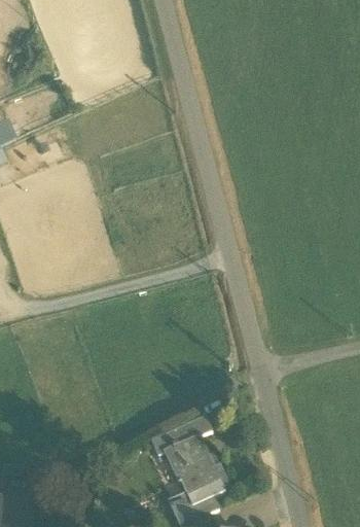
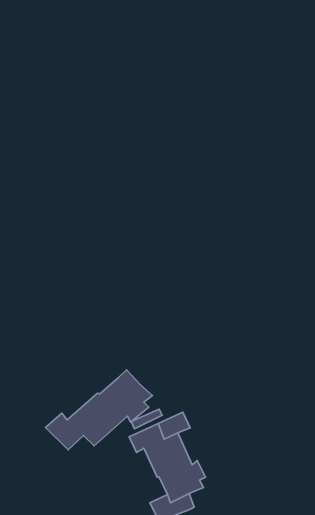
building: none -> [45,370,152,450]

